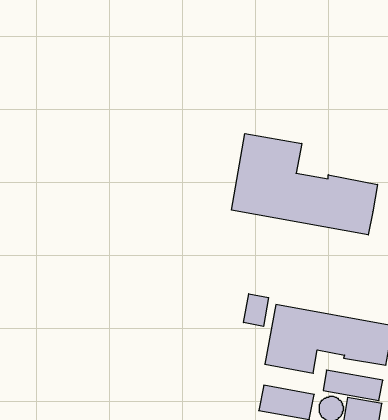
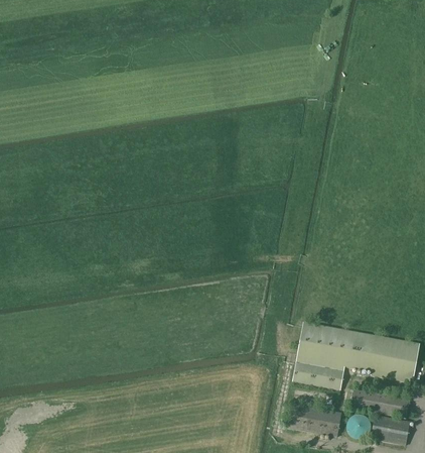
building: [232,134,377,235] -> none
building: [244,294,269,326] -> none

